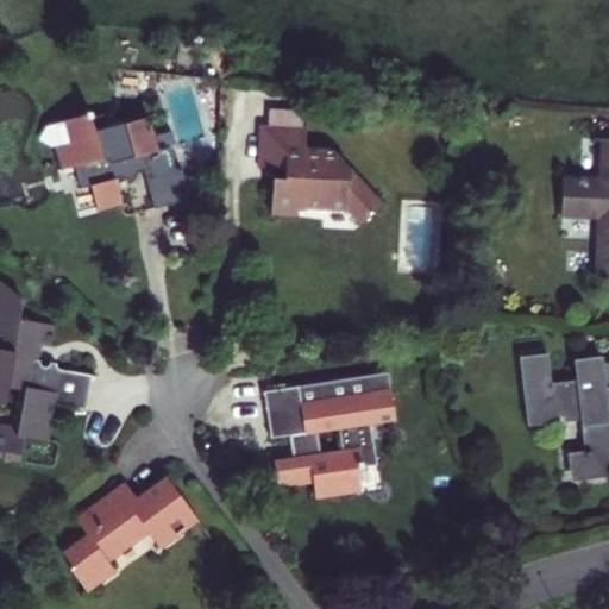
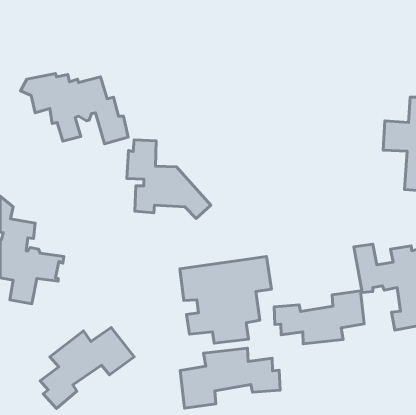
building: [260,105,383,219] -> [127,140,211,218]
building: none -> [274,291,364,344]
building: none -> [180,348,280,408]

